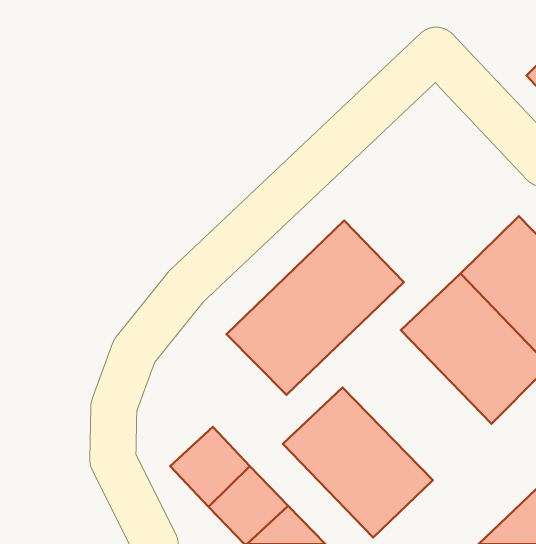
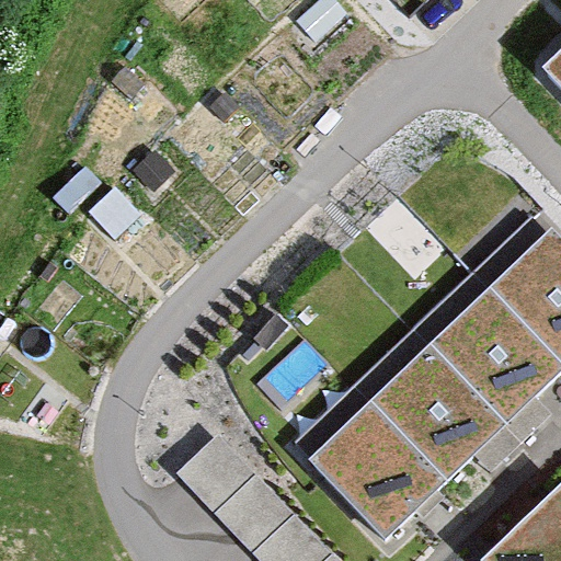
building: [227,220,404,395] -> none
building: none -> [360,340,514,494]

